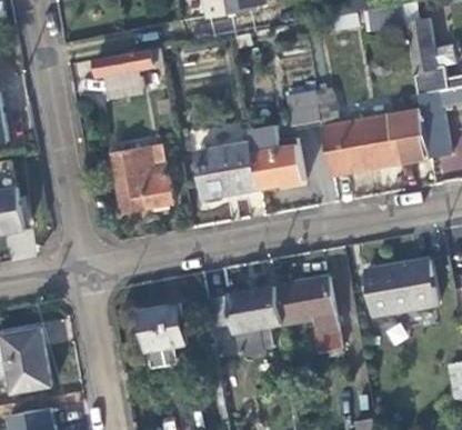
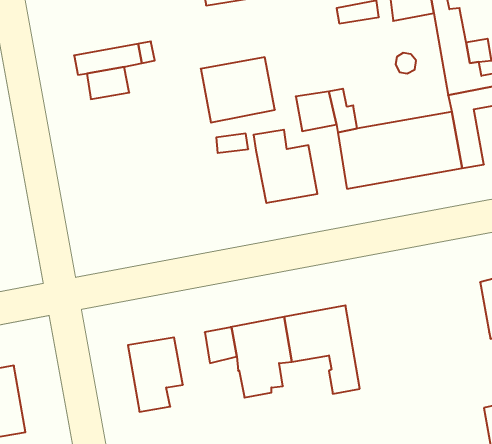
building: [194,141,259,198] -> [201,57,275,123]
building: [110,144,170,212] -> none
building: [364,259,434,316] -> none

